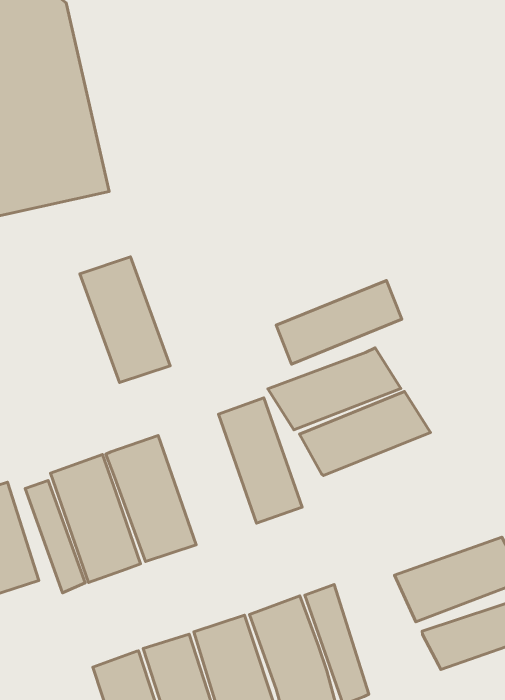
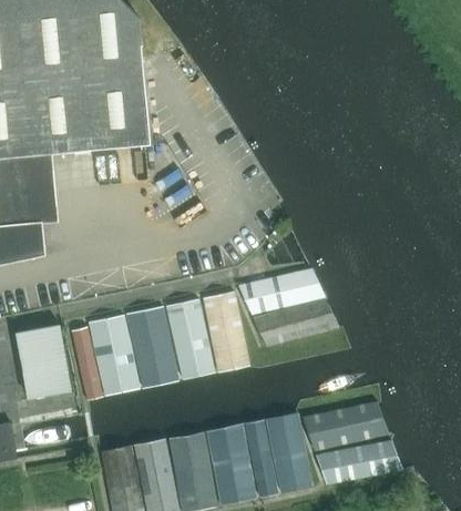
building: [80,257,170,383] -> [165,299,216,380]
building: [276,280,402,364] -> none
building: none -> [266,412,311,492]

